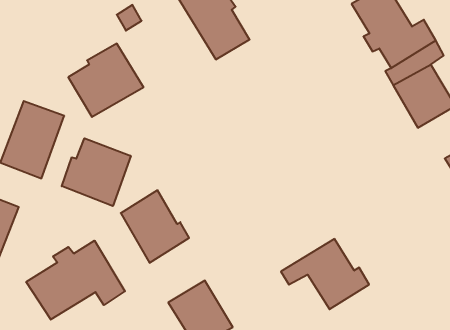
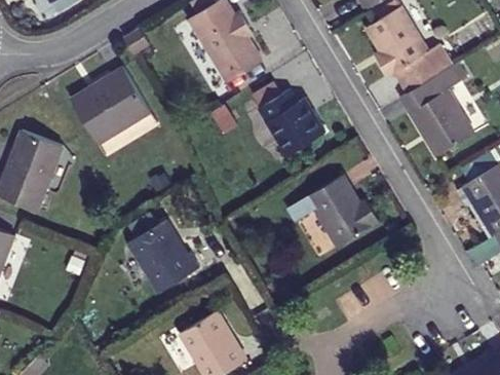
building: none -> [255,93,322,159]
building: [62,138,131,206] -> none
building: [281,239,369,309] -> [284,176,376,249]
building: [26,241,125,320] -> none

